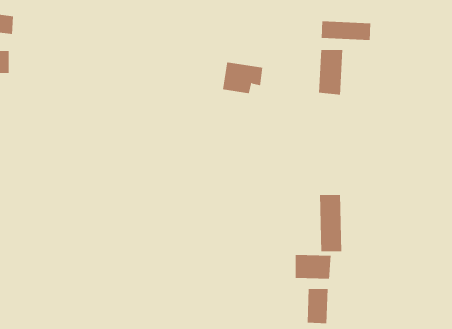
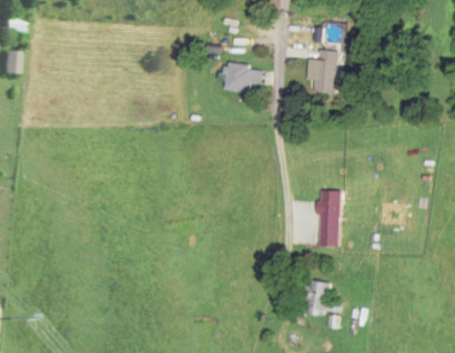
building: [321,20,371,41] -> none
building: [295,254,331,280] -> none

